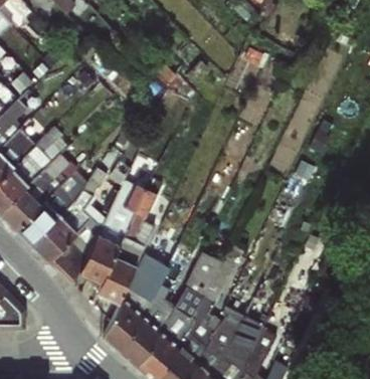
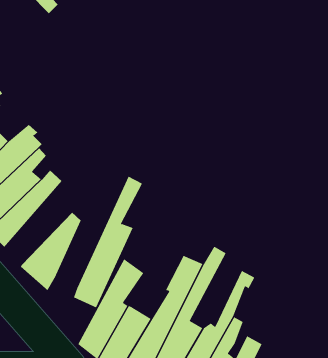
building: [31,168,107,261] -> none
building: [79,173,149,283] -> none

